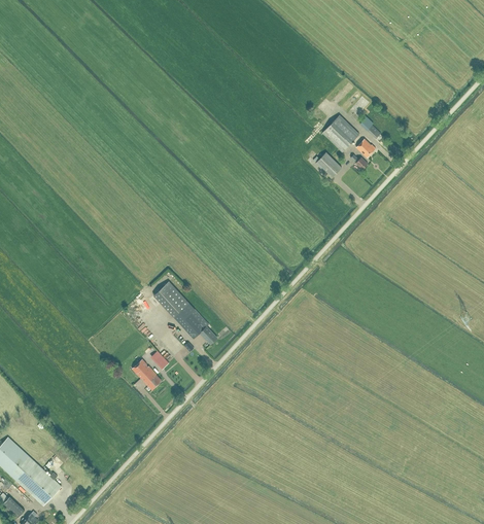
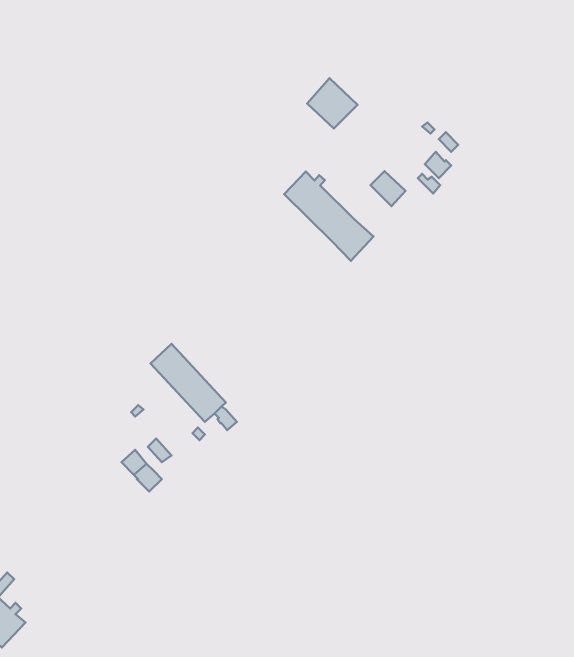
building: [322,115,359,152] -> [307,78,357,128]
building: none -> [284,172,374,261]

